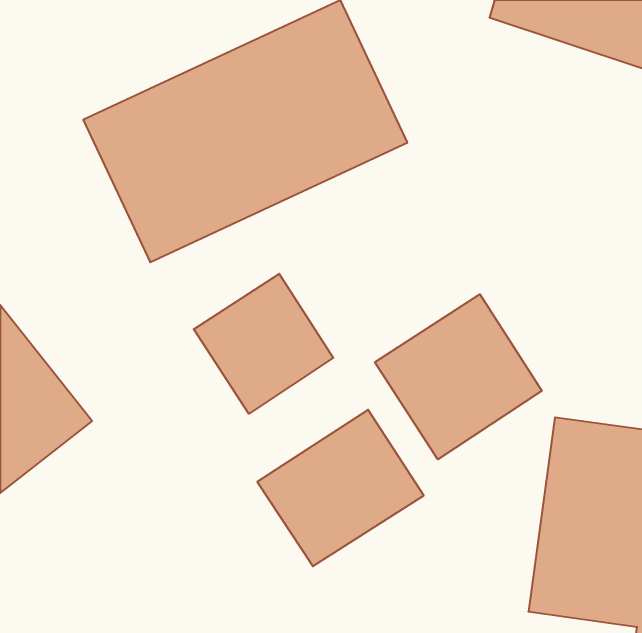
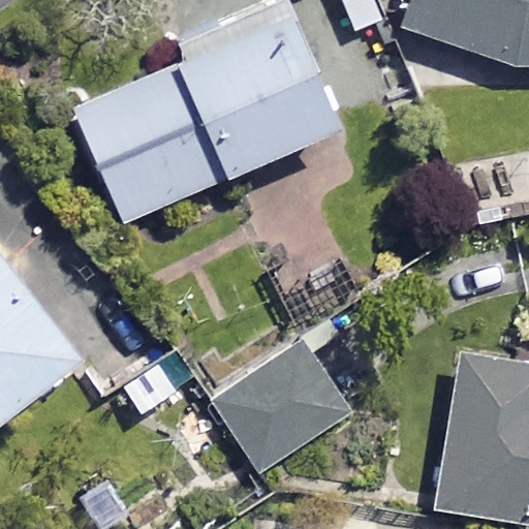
building: [194,274,333,414] -> none
building: [375,294,542,459] -> none

